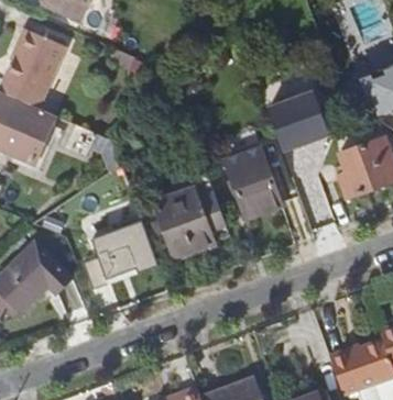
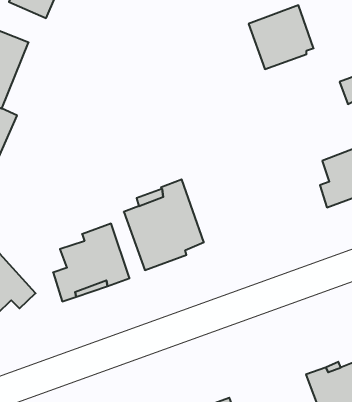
building: [266,90,328,151] -> [249,5,314,69]
building: [227,143,281,221] -> none

